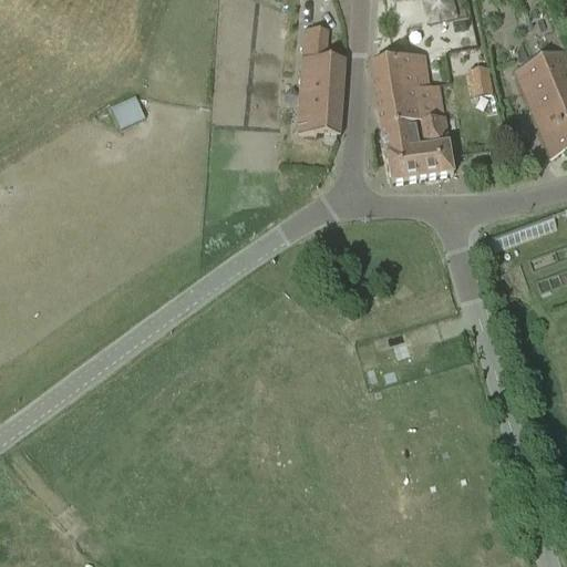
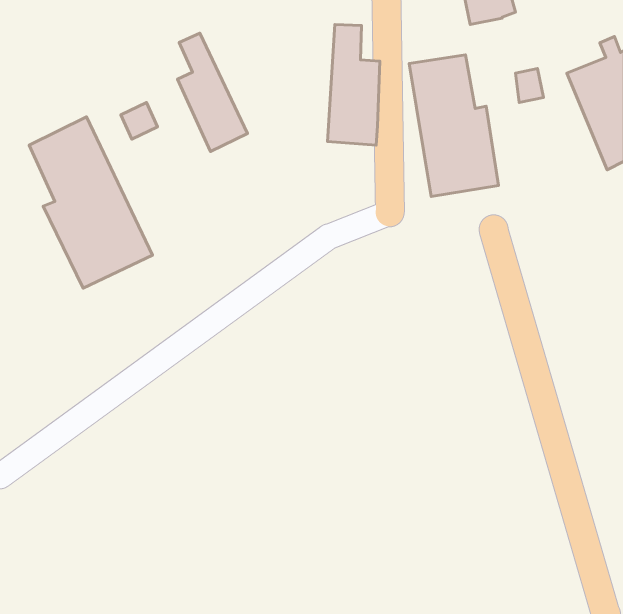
building: none -> [178,33,248,152]
building: none -> [29,117,152,288]

